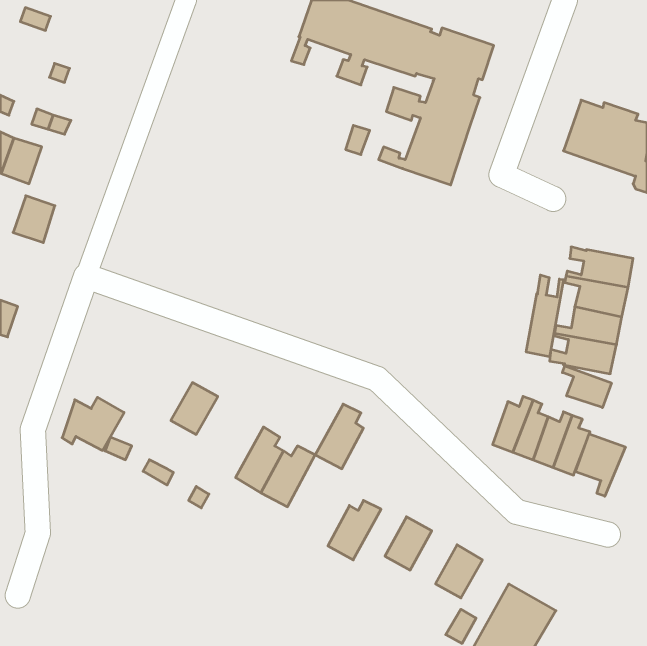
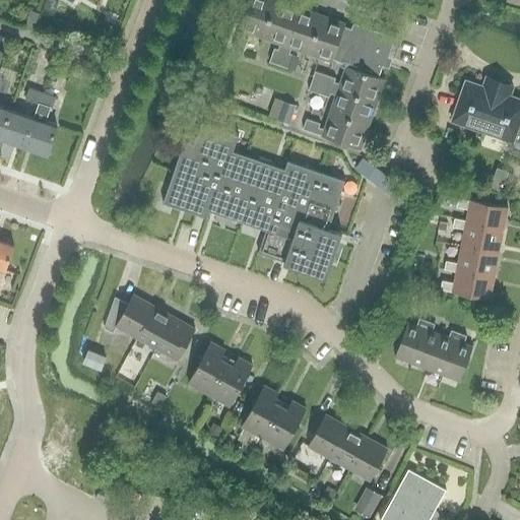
building: none -> [165,125,344,276]
building: [13,196,55,243] -> [23,119,57,156]
building: [526,275,564,357] -> none
building: [562,366,611,408] -> none
building: none -> [157,319,195,362]
building: [62,397,124,450] -> [105,296,154,338]
building: [315,404,363,469] -> [242,387,280,439]
building: [575,434,625,496] -> none
building: none -> [329,427,367,469]

